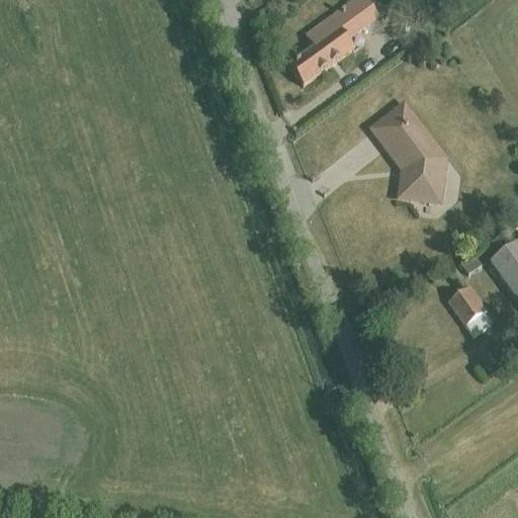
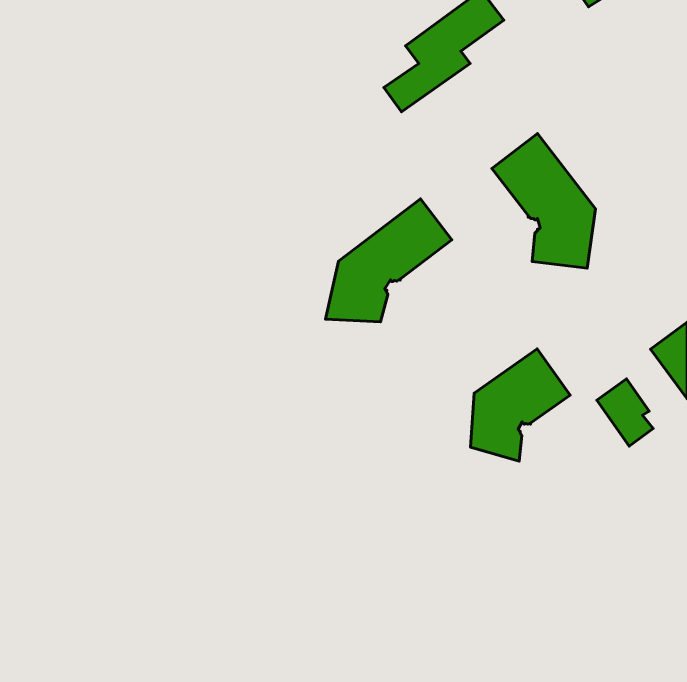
building: none -> [326,199,452,322]
building: none -> [471,349,570,461]

